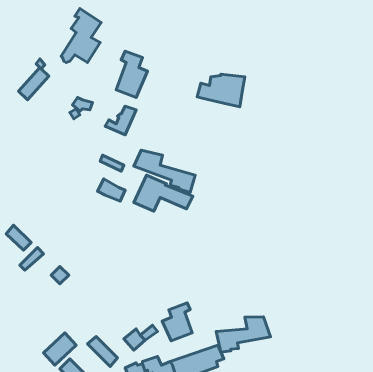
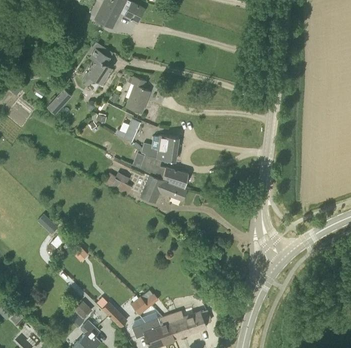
building: [197,74,245,107] -> [141,135,179,161]
building: [162,303,192,341] -> none
building: [216,317,270,352] -> none

